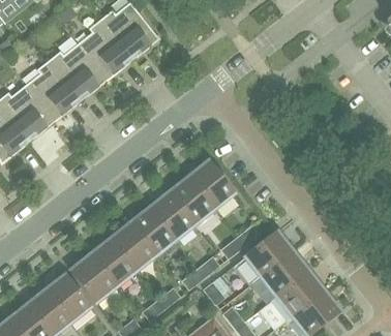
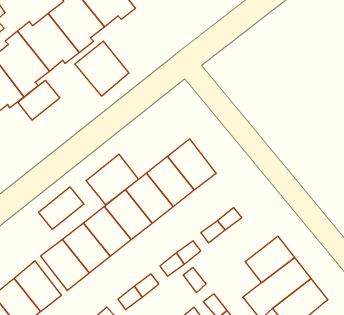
building: none -> [75,41,129,96]
building: none -> [18,80,60,120]
building: none -> [86,154,139,205]
building: none -> [39,187,84,229]
building: [235,231,293,284] -> none

